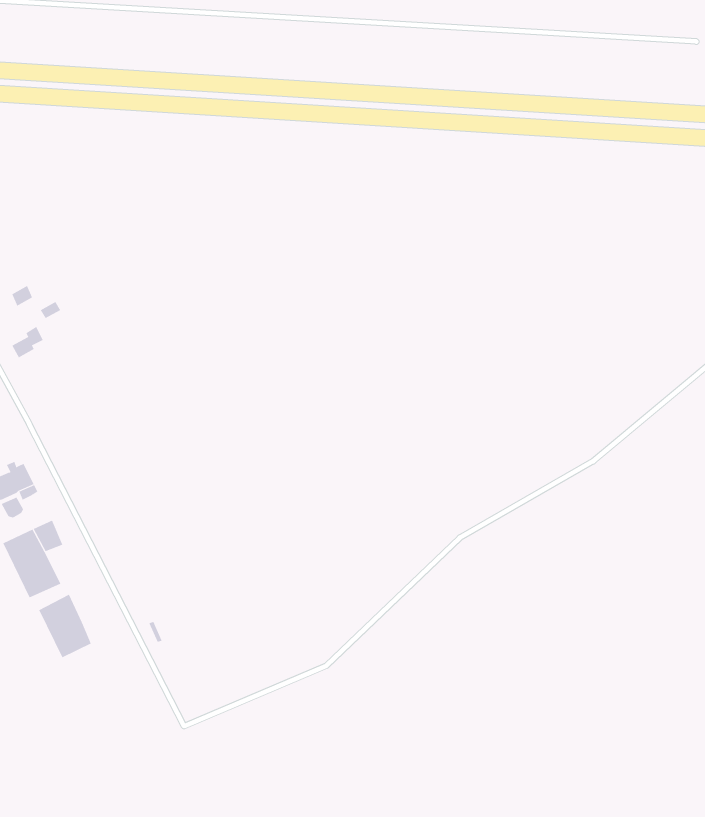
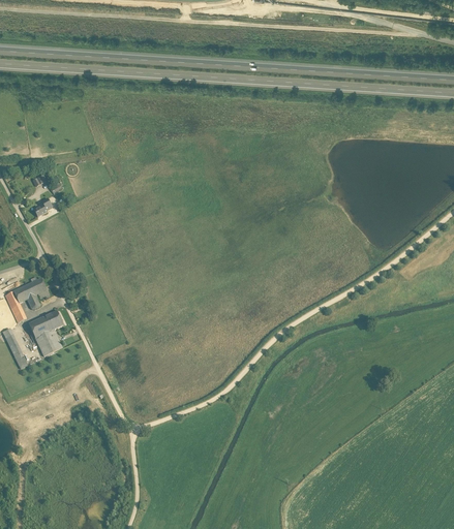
building: [39,594,92,658] -> none

